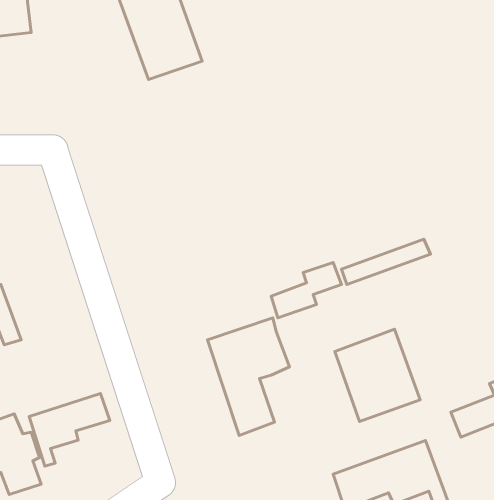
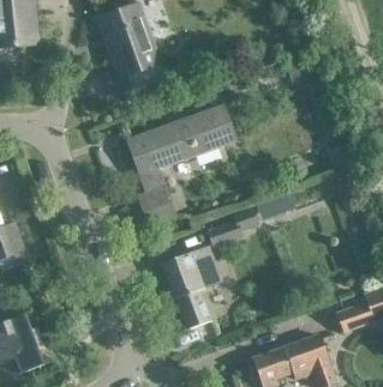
building: none -> [127,105,234,211]
building: [335,329,420,421] -> none
building: [29,393,110,466] -> none

